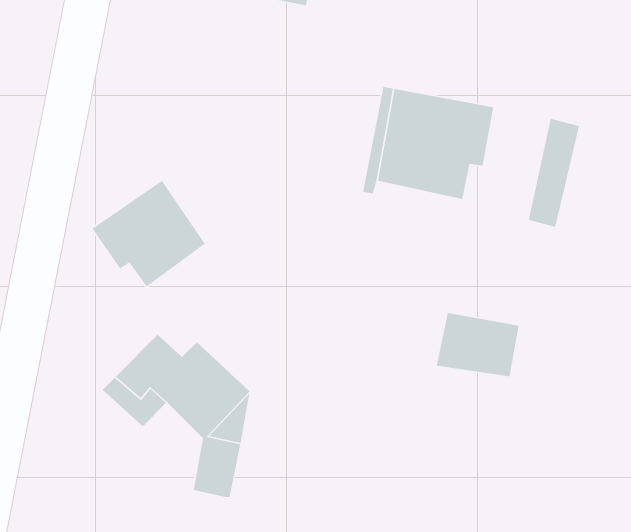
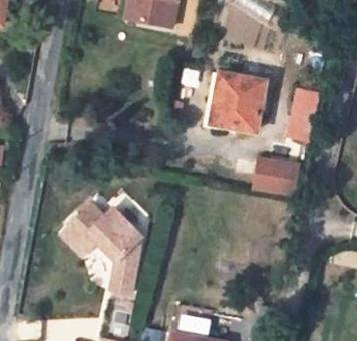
building: [91,180,206,288] -> none
building: [436,312,520,377] -> [250,157,295,193]

